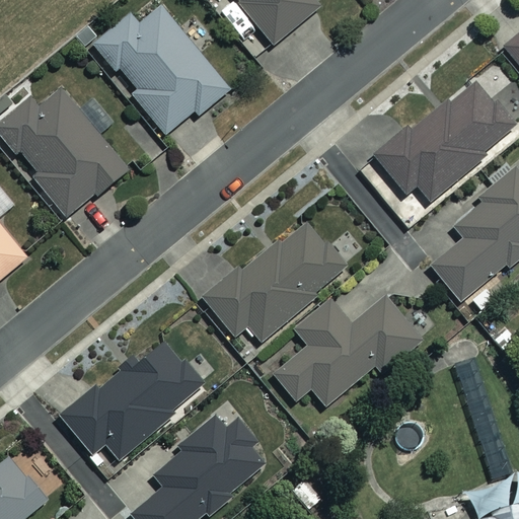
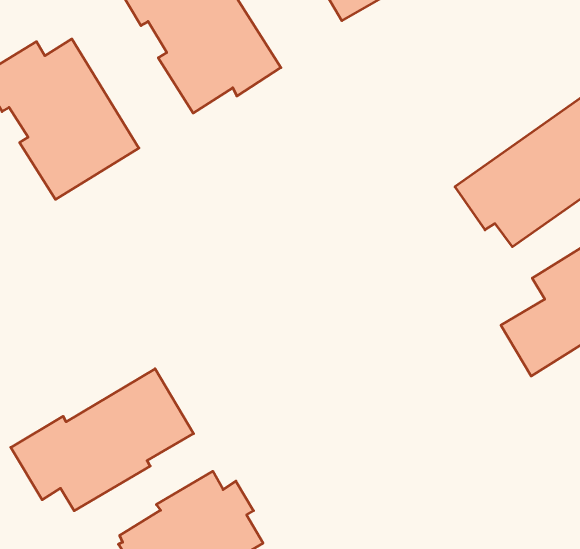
building: [206,216,347,341] -> none
building: [271,297,420,405] -> none

